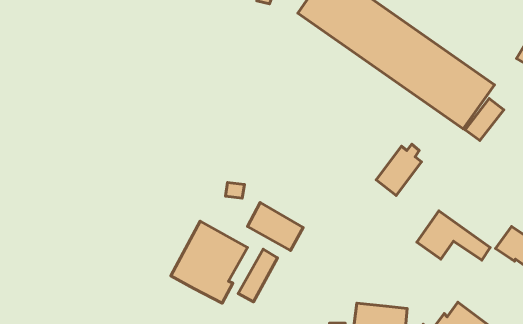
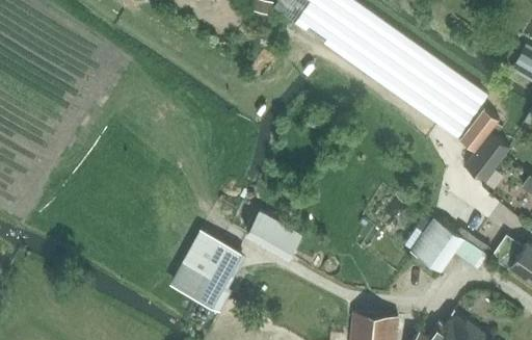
building: [376,144,421,196] -> [466,131,510,182]
building: [238,249,278,302] -> none

